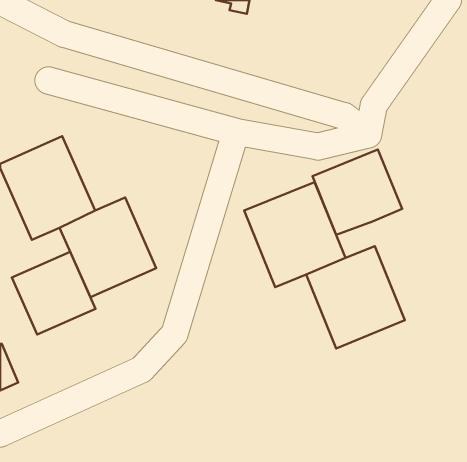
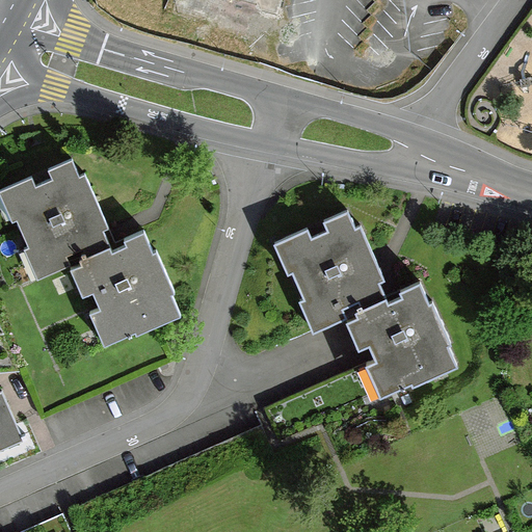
building: [312,150,402,235] -> none
building: [12,252,95,334] -> none

